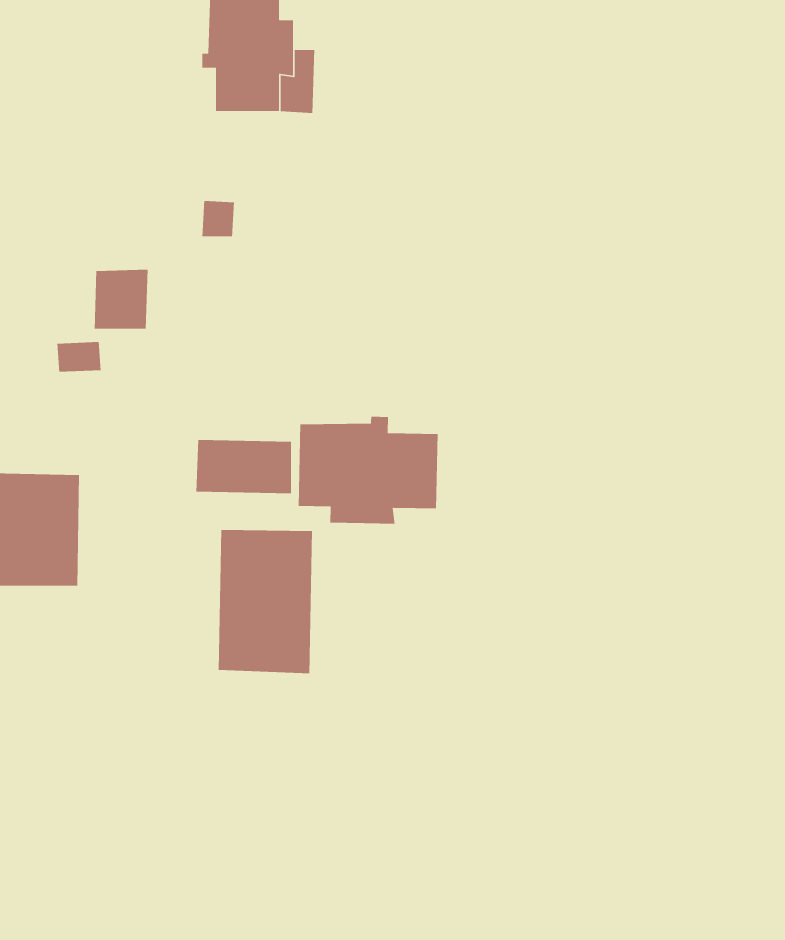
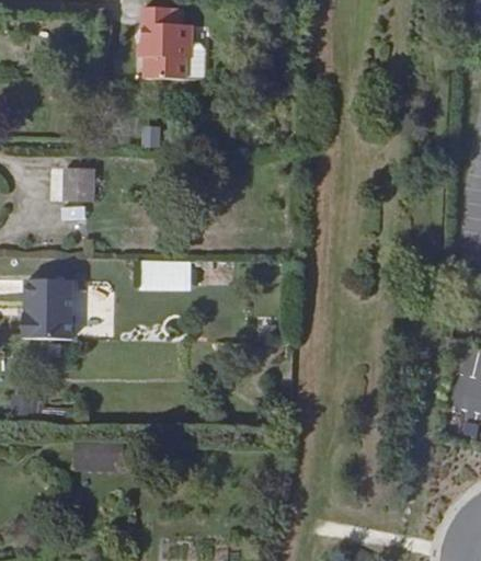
building: [298,416,438,525] -> none
building: [218,529,313,674] -> none

